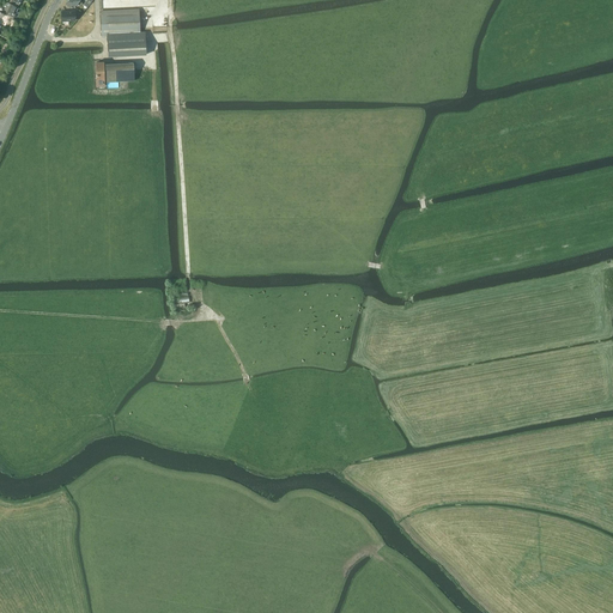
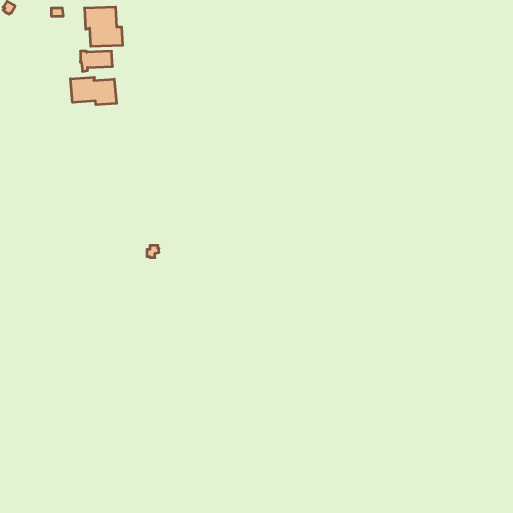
building: none -> [70,77,117,105]

